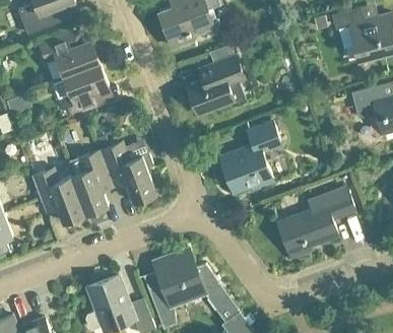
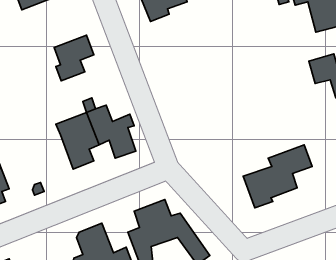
building: [39,35,100,77] -> none
building: [186,55,244,115] -> none
building: [219,122,281,197] -> none
building: [31,168,84,222] -> none

